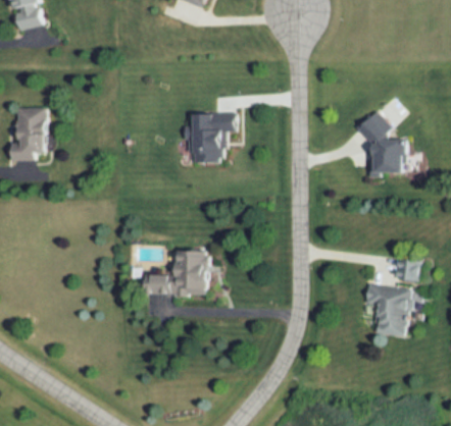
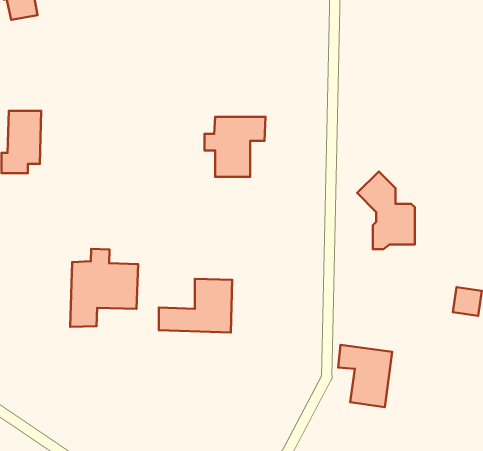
building: [355,110,404,176] -> [357,171,415,249]
building: none -> [70,249,138,327]
building: [365,284,411,337] -> [338,345,392,407]

